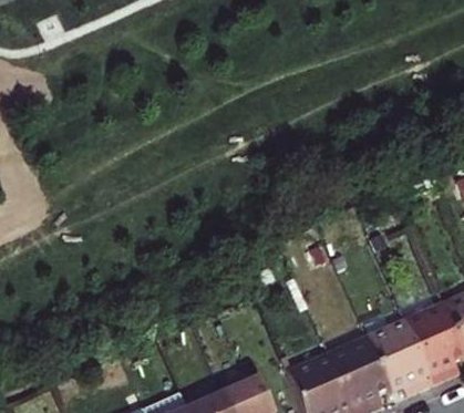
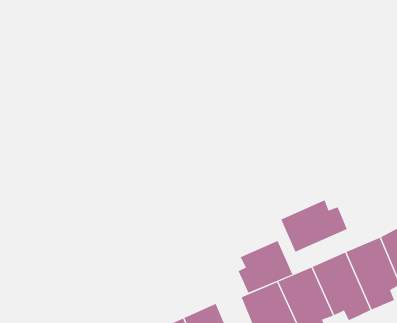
building: none -> [281,200,347,252]
building: none -> [238,240,293,293]

